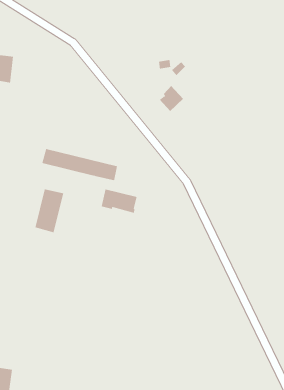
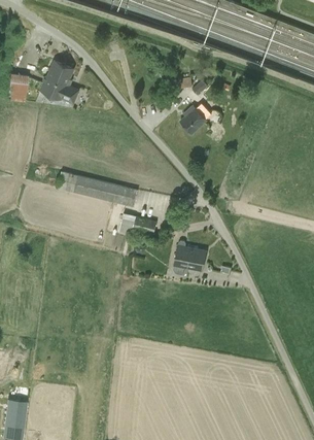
building: none -> [40,61,78,102]
building: [35,188,64,233] -> none
building: none -> [174,241,207,275]

